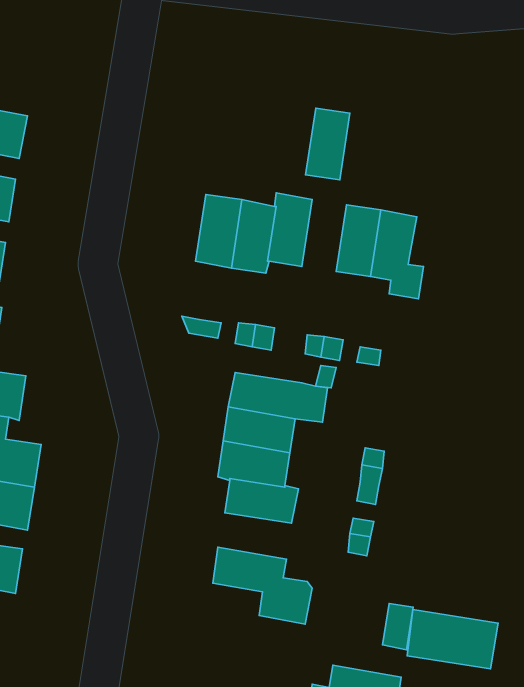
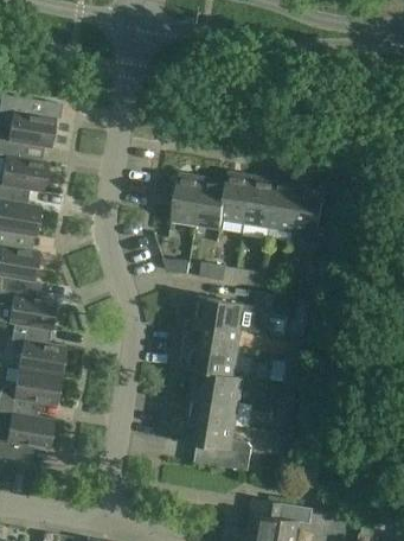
building: [305,108,350,180] -> [245,178,276,228]
building: none -> [187,395,238,427]
building: [407,609,498,669] -> none

